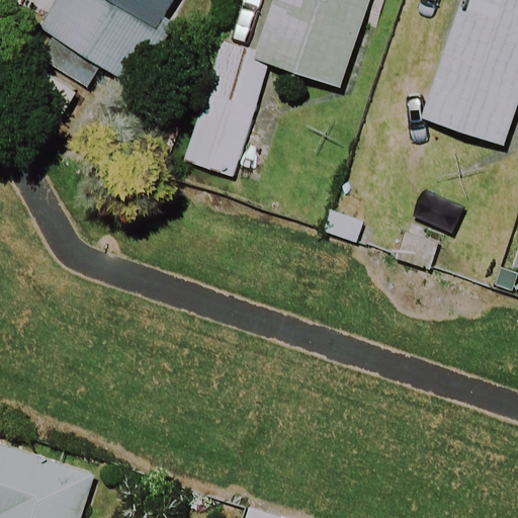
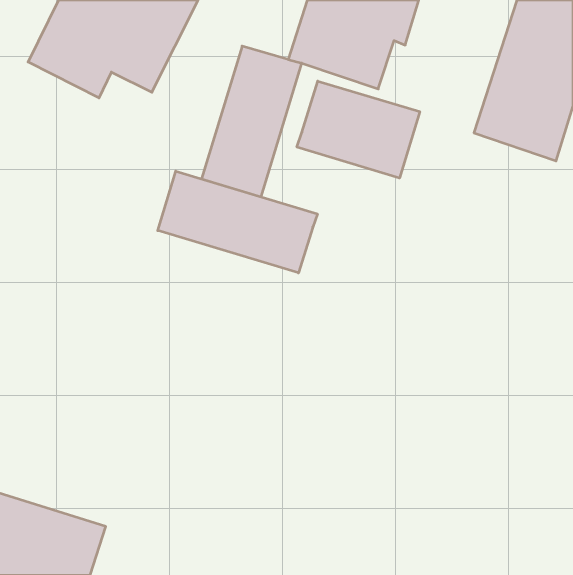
building: none -> [297,81,420,178]
building: none -> [158,171,317,273]

